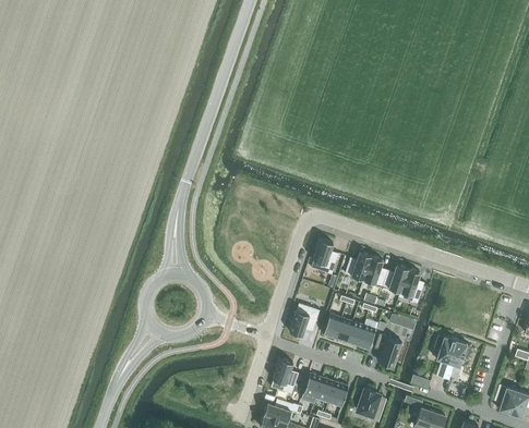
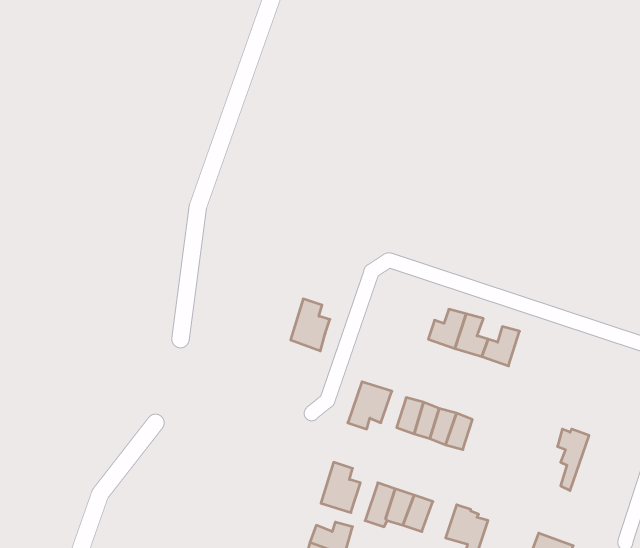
building: [311,239,338,274] -> [291,299,330,351]
building: [398,268,424,301] -> none
building: [375,333,404,366] -> none
building: [443,340,472,380] -> none

